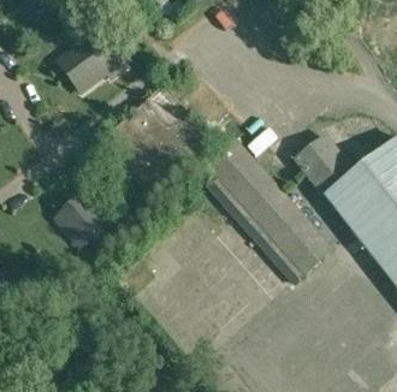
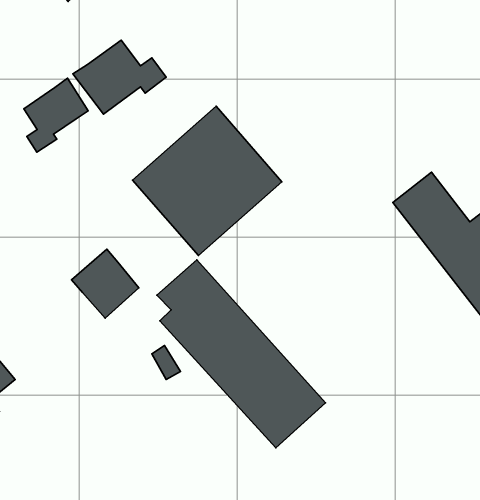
building: none -> [24,78,88,152]
building: [205,137,331,278] -> [157,260,326,448]

